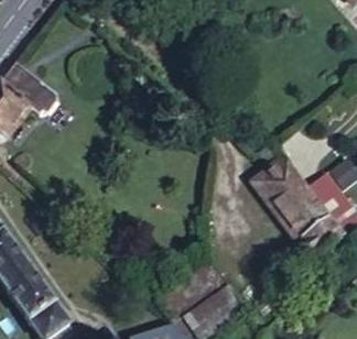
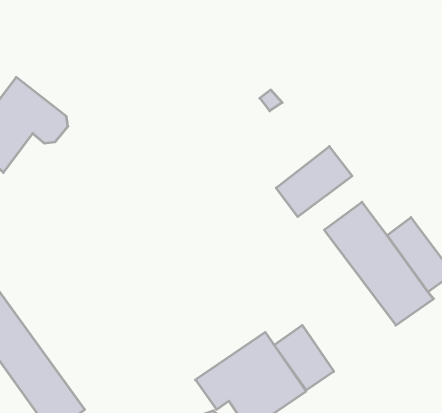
building: none -> [276,146,352,217]
building: none -> [274,325,334,390]

